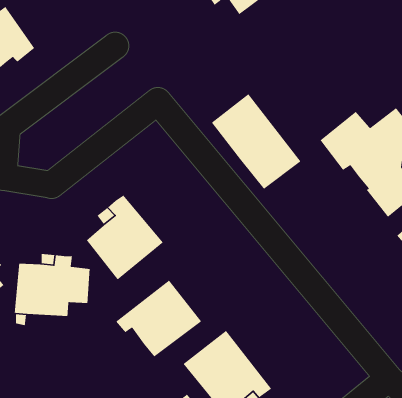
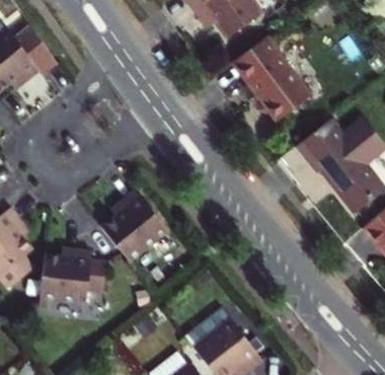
building: [211,93,302,190] -> [235,36,313,120]
building: [115,279,202,357] -> none

